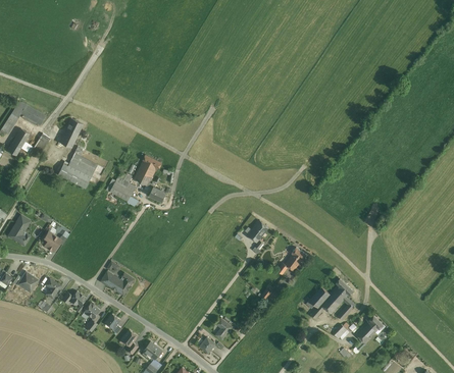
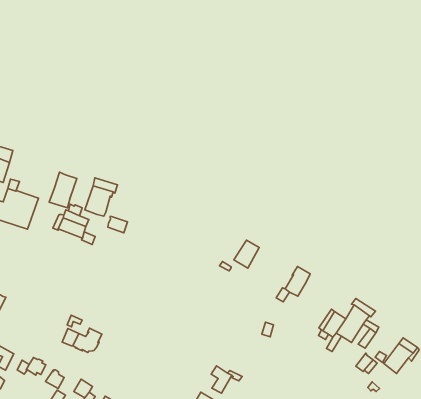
building: none -> [49,172,77,208]

